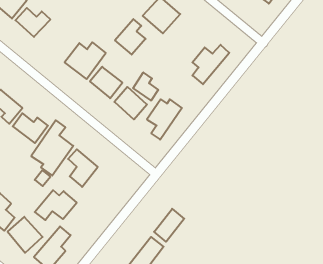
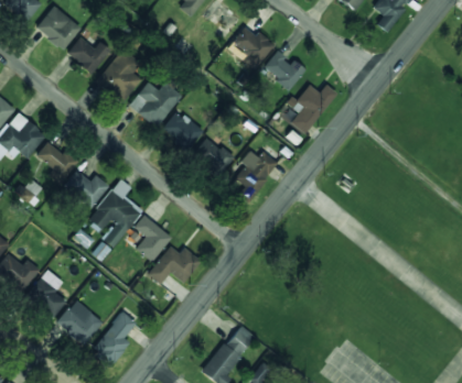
building: none -> [96,47,141,102]
building: none -> [262,48,303,89]
building: [115,19,146,55] -> none
building: [133,72,158,101] -> none
building: [35,190,77,220] -> [147,247,200,284]
building: [154,209,184,242] -> none

